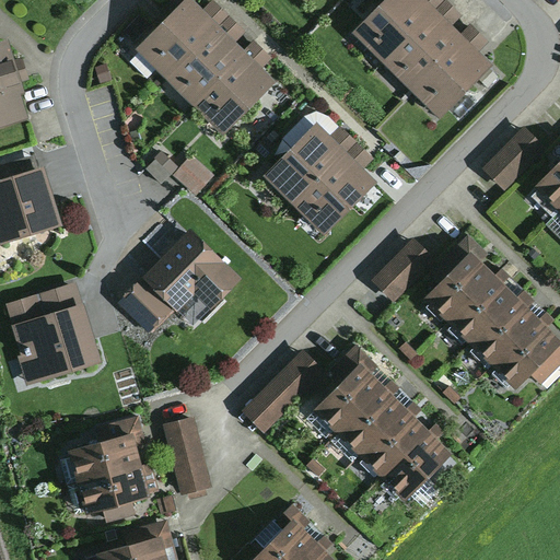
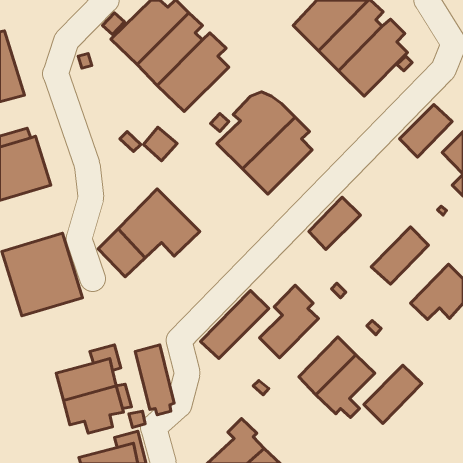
building: [422,235,494,323] -> none
building: [470,296,540,366] -> none
building: [337,385,407,455] -> [364,365,422,423]

